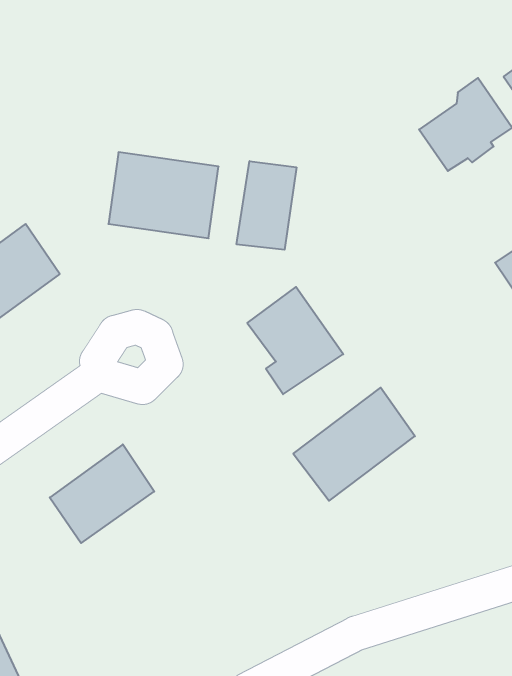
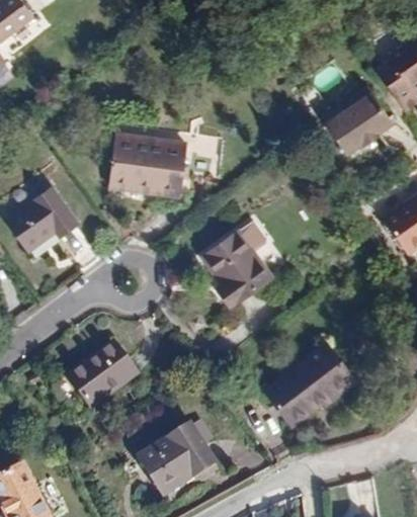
building: [237,161,296,250] -> none
building: [293,388,415,501] -> [267,345,353,425]
building: none -> [139,428,215,499]

